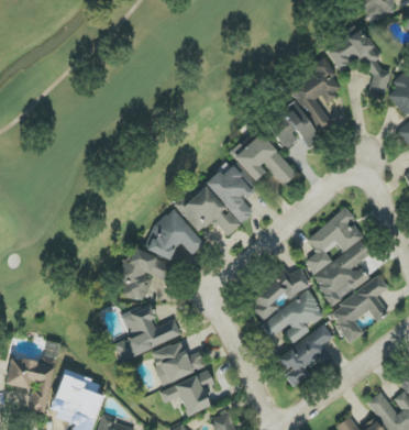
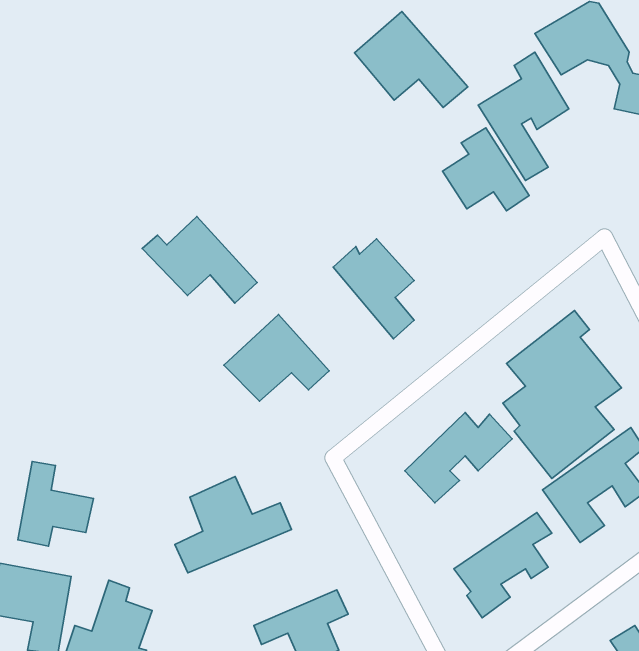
building: [231,130,297,186] -> [355,11,468,108]
building: [174,186,241,236] -> [142,216,257,303]
building: [117,249,173,301] -> none
building: [261,291,325,343] -> none
building: none -> [18,462,94,546]
building: [151,341,207,385] -> none

